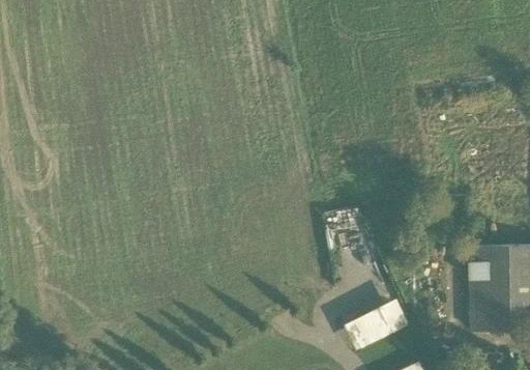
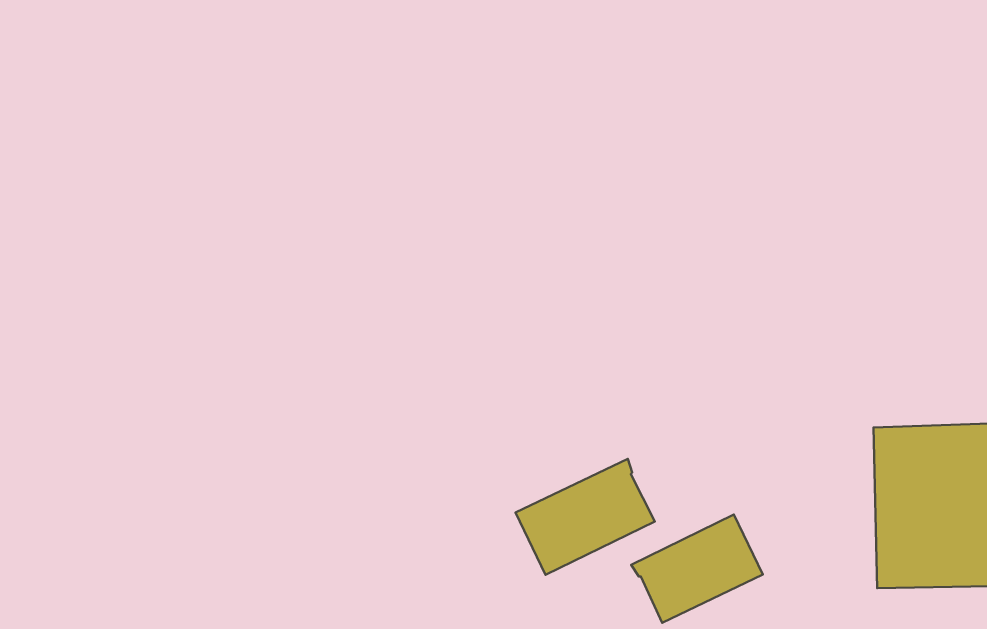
building: none -> [515,459,655,575]

